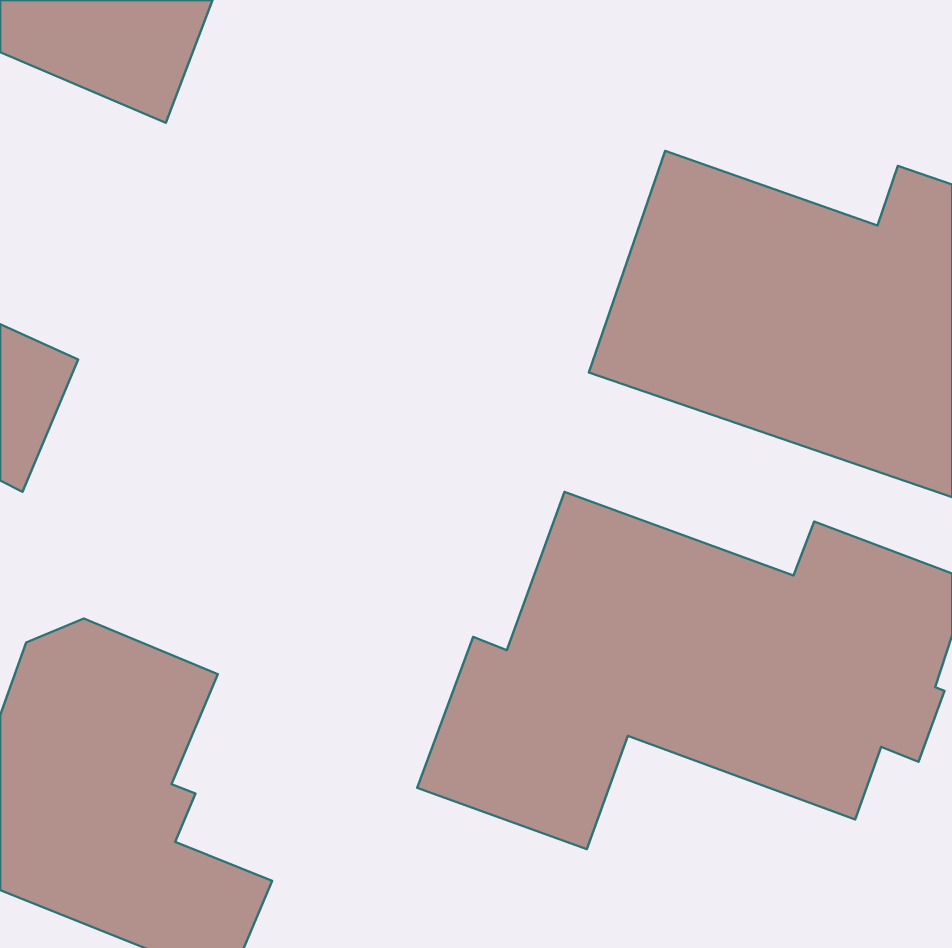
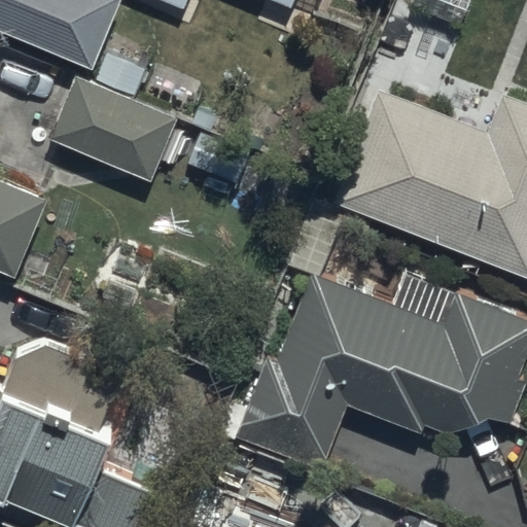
building: none -> [48,51,175,180]

